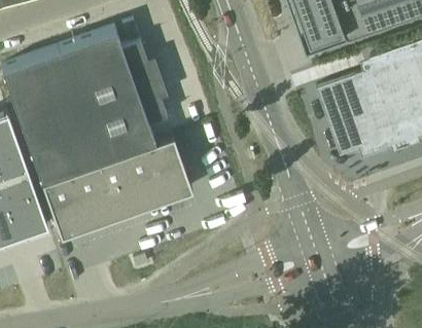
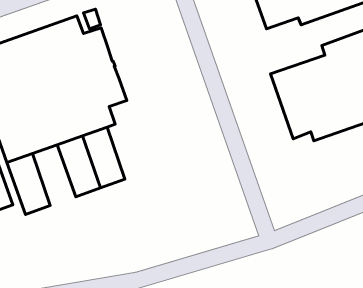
building: [146,138,191,202] -> none
building: [68,166,113,229] -> none

